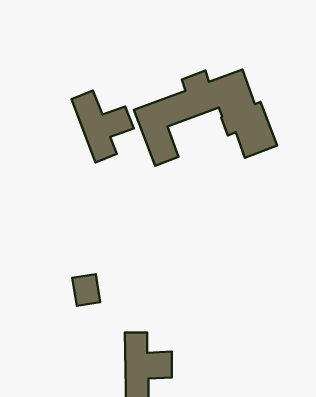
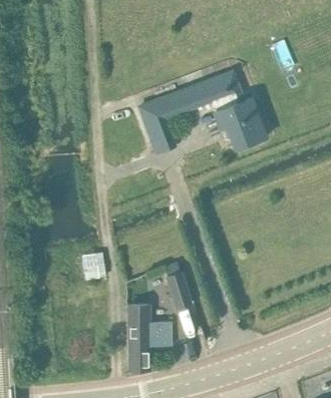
building: [72,91,134,162] -> none
building: none -> [165,272,194,310]

